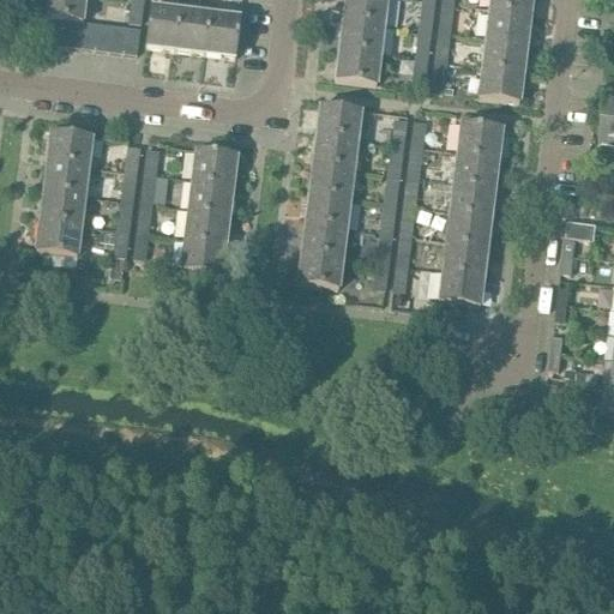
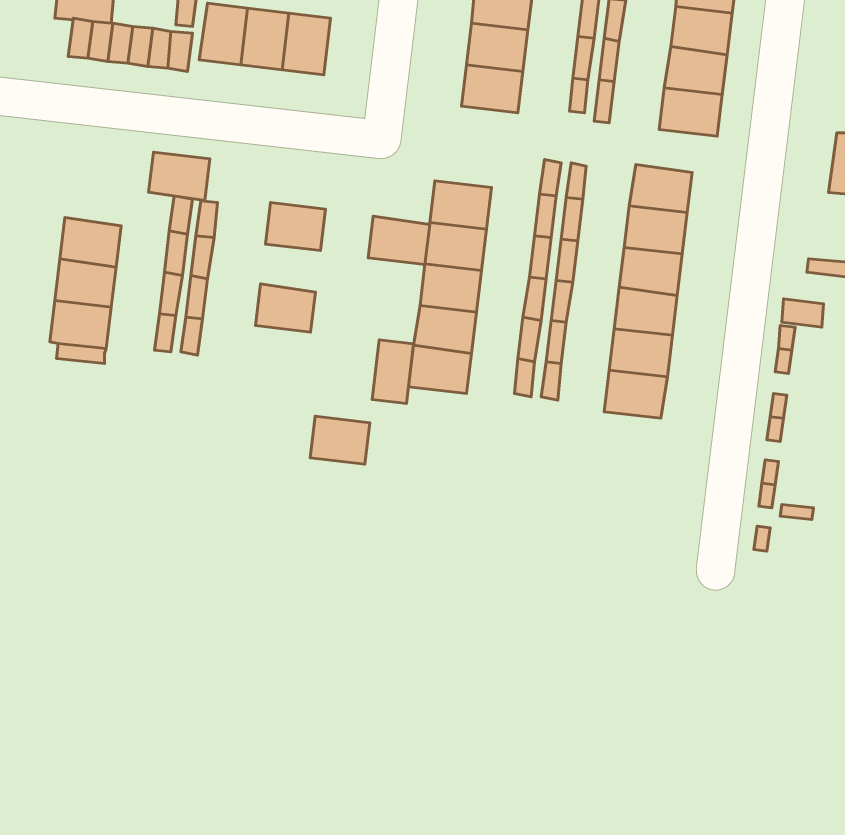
building: [317,101,361,136] -> [368,216,430,264]
building: [49,128,94,163] -> [148,152,210,200]
building: [191,176,234,211] -> none
building: [183,235,227,270] -> [310,416,370,464]
building: none -> [372,340,414,403]

